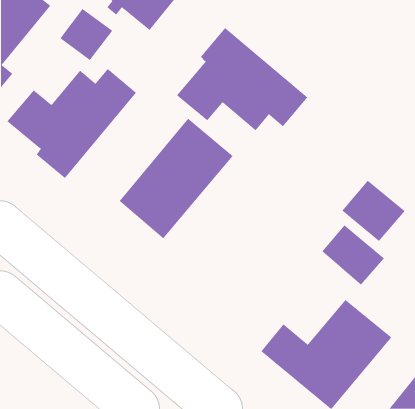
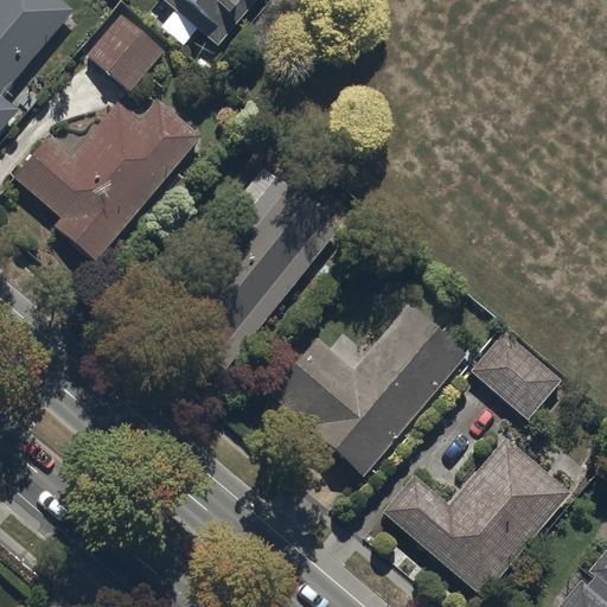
building: [176,27,308,131] -> none
building: [342,180,405,242] -> none
building: none -> [269,304,468,490]

